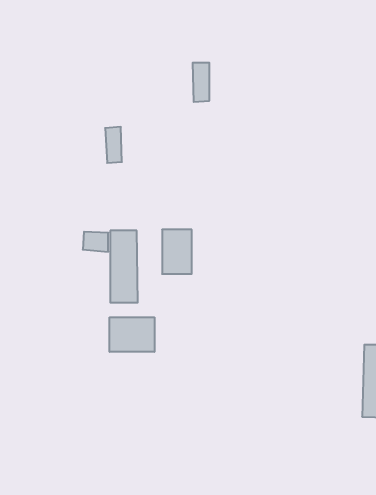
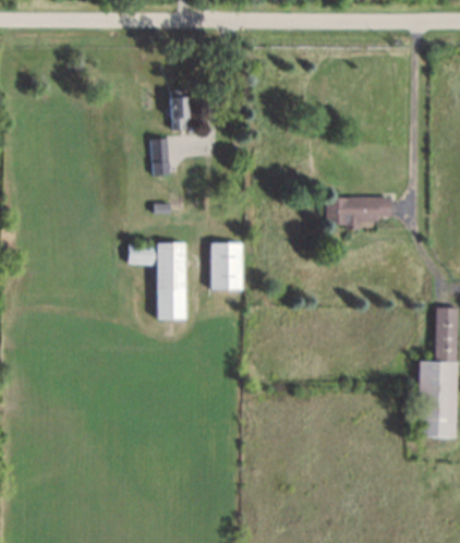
building: [193,63,209,102] -> [171,89,189,130]
building: none -> [327,197,390,228]
building: [110,317,154,352] -> none

